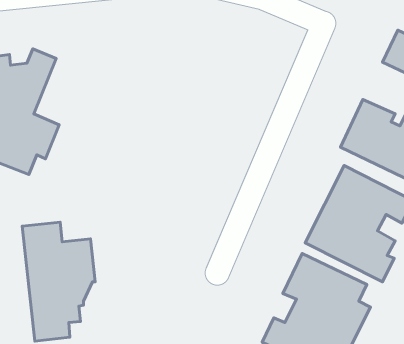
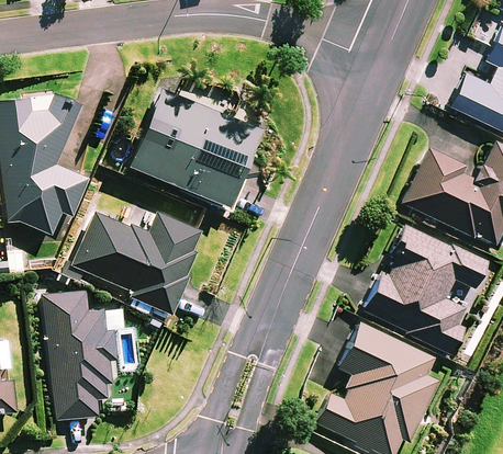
building: none -> [131,90,259,207]
building: none -> [74,204,201,314]

